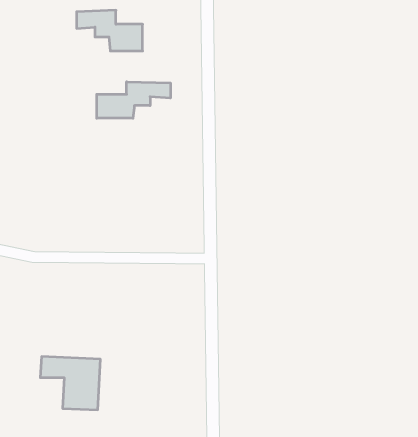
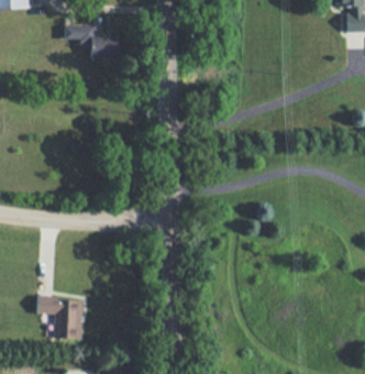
building: [97,82,170,118] -> none

